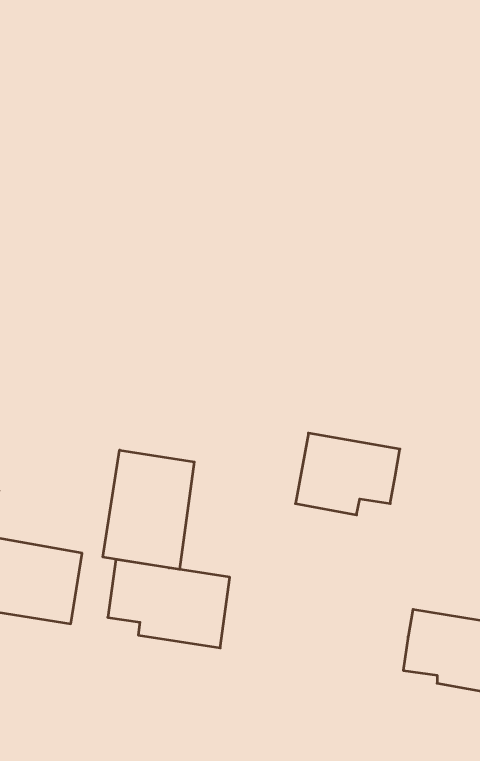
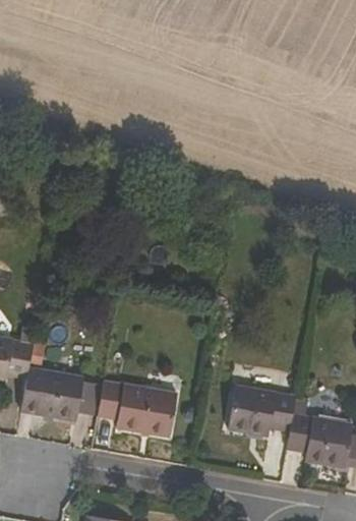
building: [295,433,400,515] -> [230,386,296,438]
building: [103,450,194,569] -> none

